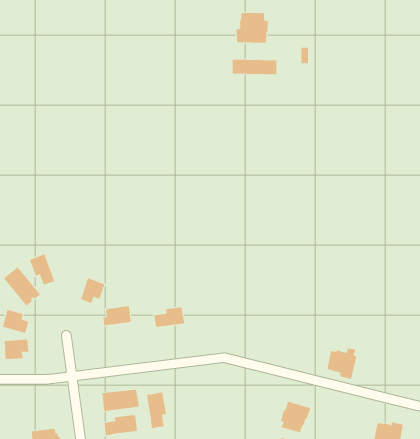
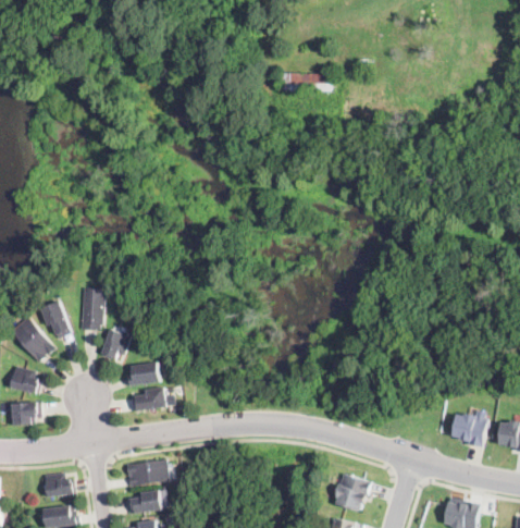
building: [236,12,268,43] -> none
building: none -> [79,287,104,330]
building: [153,307,185,327] -> [131,386,168,410]
building: [327,348,357,379] -> [453,408,488,445]
building: [147,391,166,429] -> none
building: none -> [44,472,74,496]

